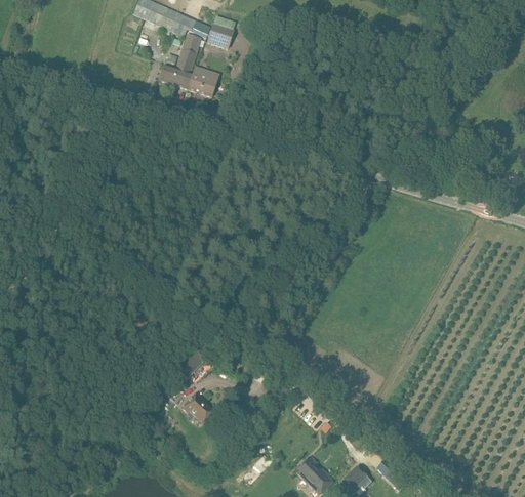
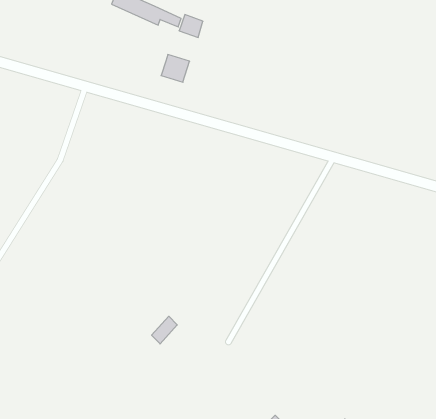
building: [160,33,201,89] -> none
building: [183,392,212,421] -> none

